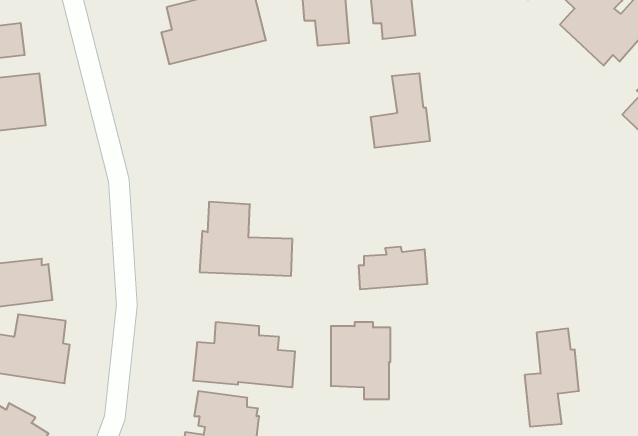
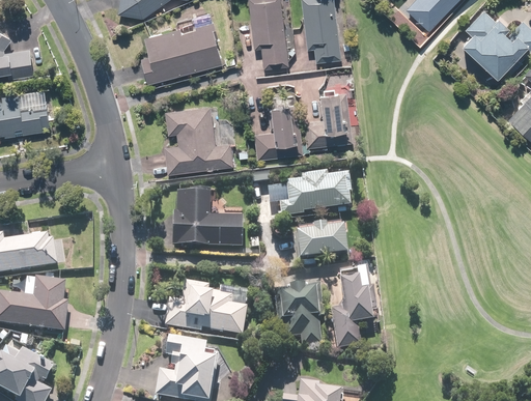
building: none -> [253,102,304,160]
building: none -> [165,105,233,173]
building: none -> [267,171,353,216]
building: [525,329,579,427] -> [332,270,374,347]

